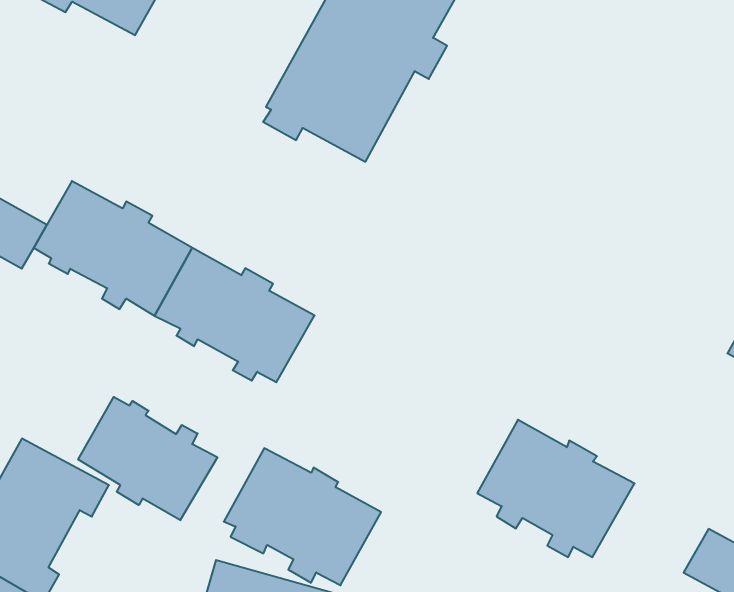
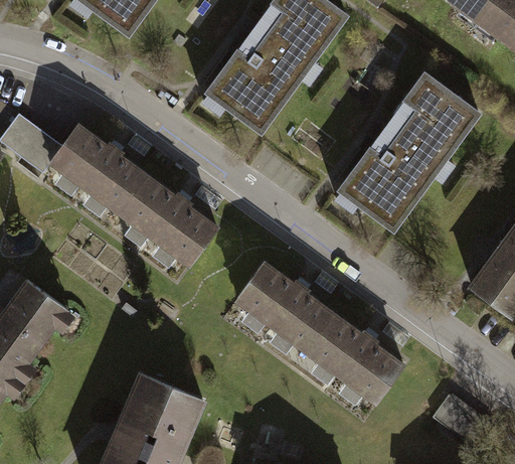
building: none -> [336,72,483,233]
building: [78,397,217,520] -> none
building: [224,448,381,585] -> [237,259,336,350]

